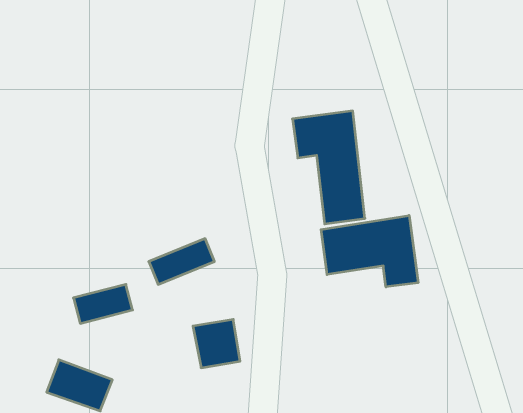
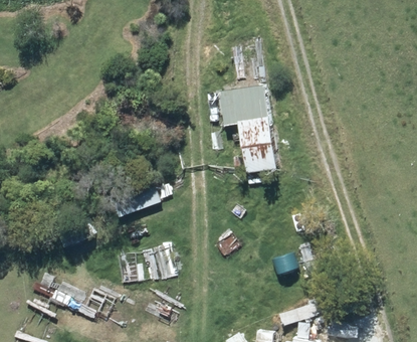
building: [321,215,418,287] -> none

